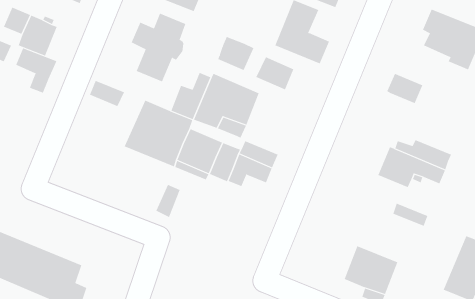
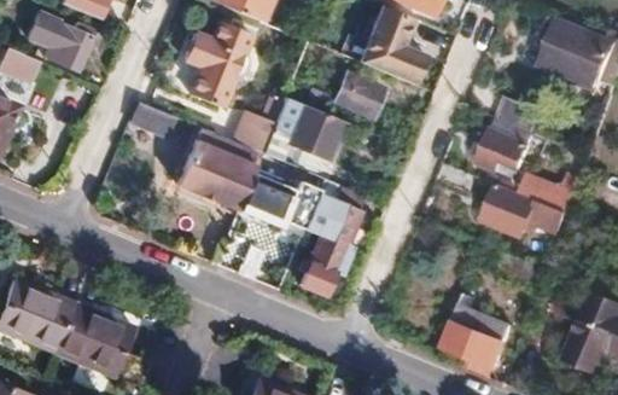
building: [217,36,254,71] -> none
building: [15,48,57,94] -> none
building: none -> [479,118,535,170]
building: none -> [298,219,350,292]

